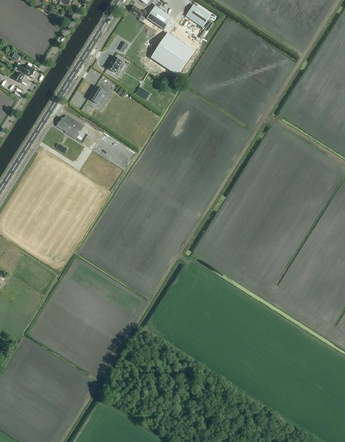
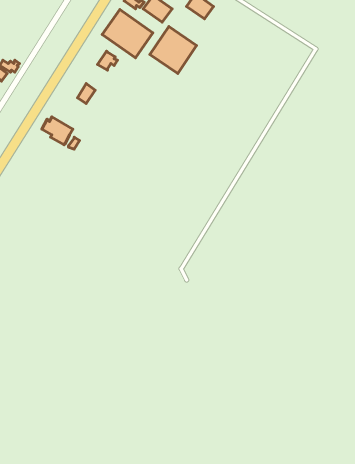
building: none -> [102,9,153,58]

